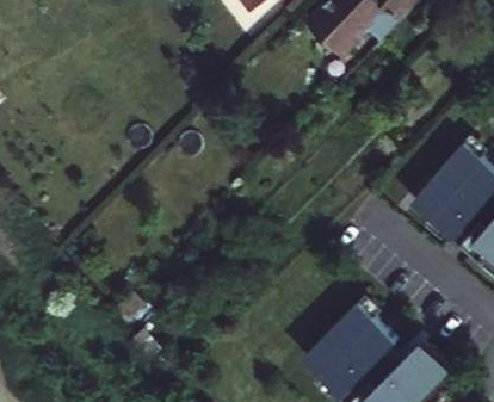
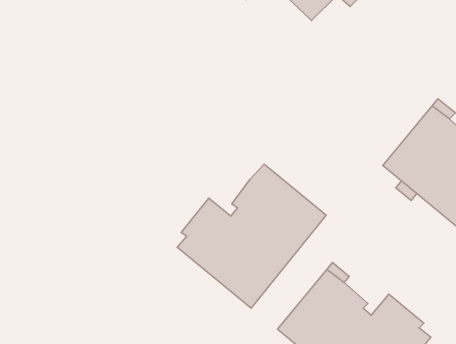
building: none -> [177,164,326,308]

